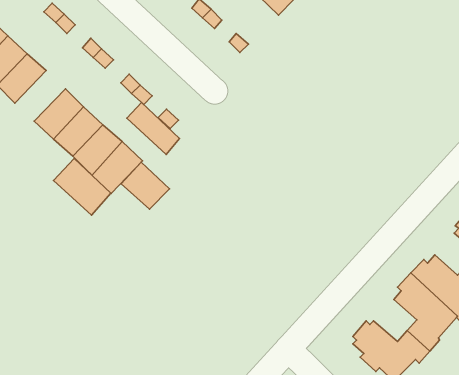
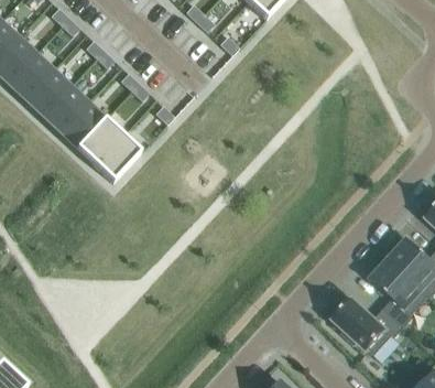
building: none -> [24,69,70,116]
building: [127,102,180,154] -> none
building: [53,158,111,215] -> none
building: [121,162,170,209] -> none

